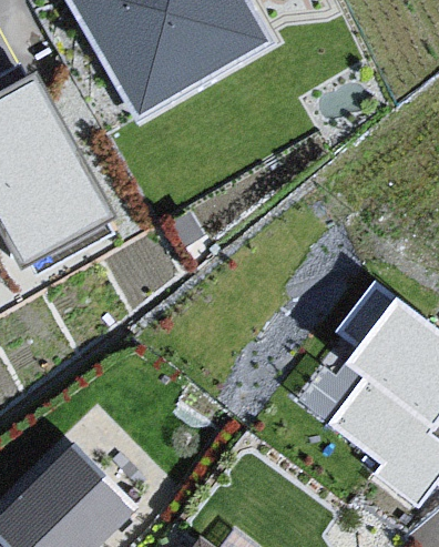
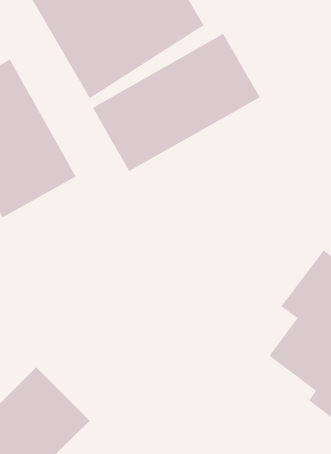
building: none -> [92,33,261,172]

